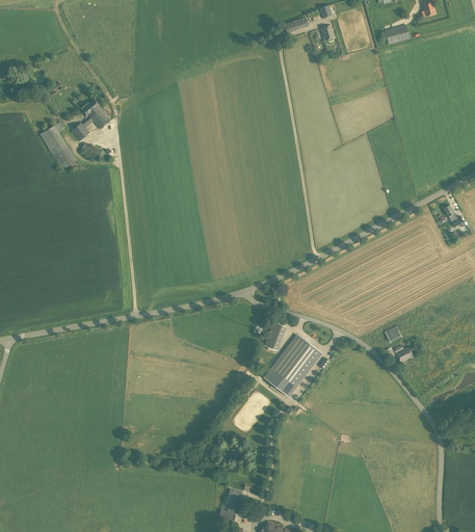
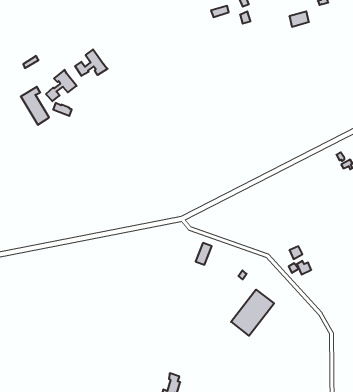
building: none -> [75,49,108,76]
building: [265,336,320,395] -> [231,290,274,336]

